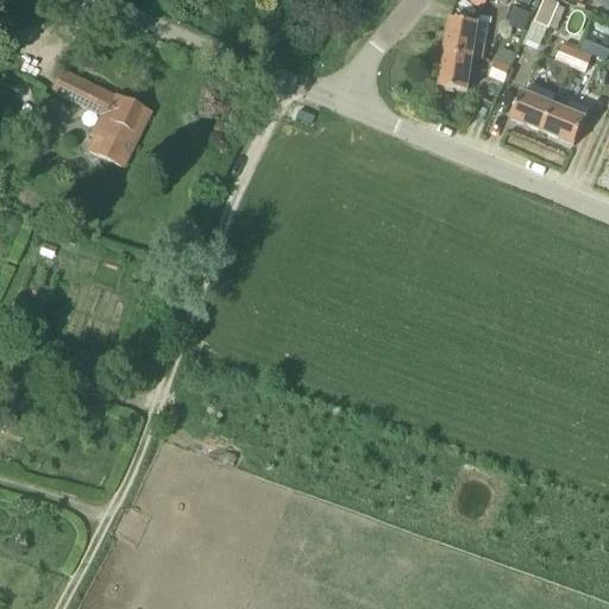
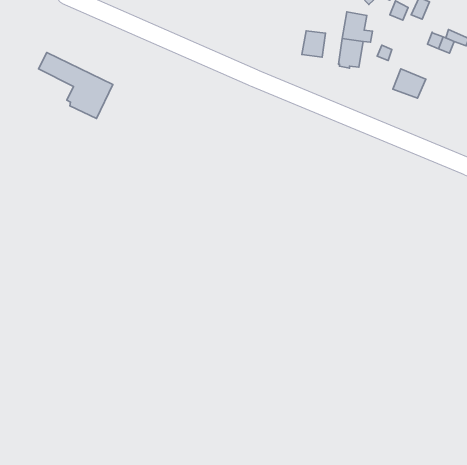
building: none -> [302,31,326,57]
building: [544,102,586,140] -> none

